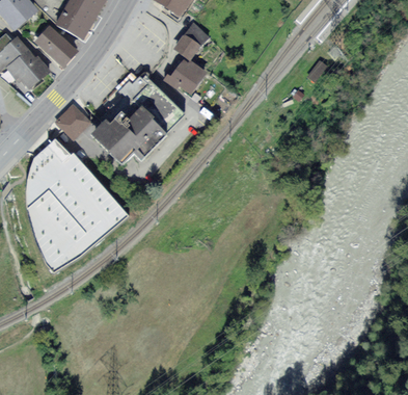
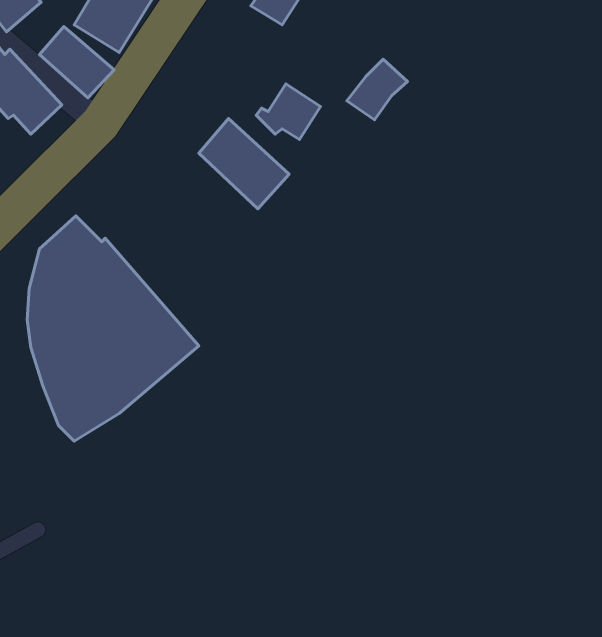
building: [172,23,209,59] -> [347,59,407,120]
building: [86,96,165,162] -> none
building: [56,103,92,139] -> none

